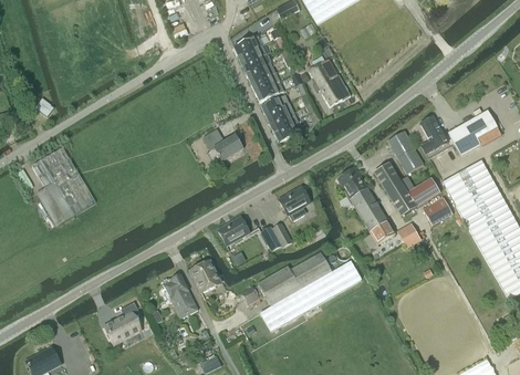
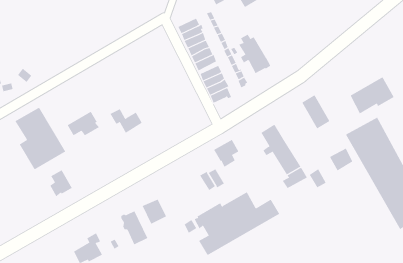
building: [420,116,449,157] -> none
building: [202,129,243,160] -> [110,108,143,133]
building: none -> [67,111,100,136]
building: [374,162,440,217] -> none
building: [218,216,250,244] -> none
building: none -> [50,169,73,197]

